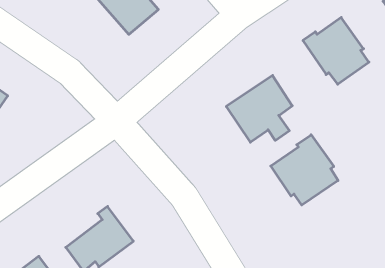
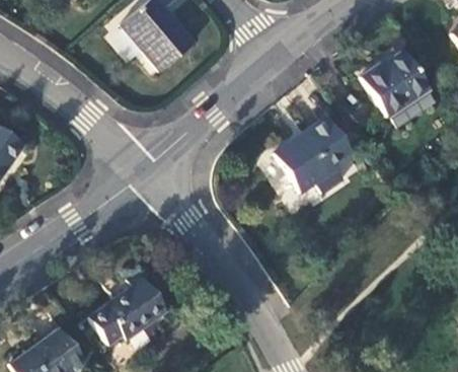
building: [271,135,338,205] -> none

